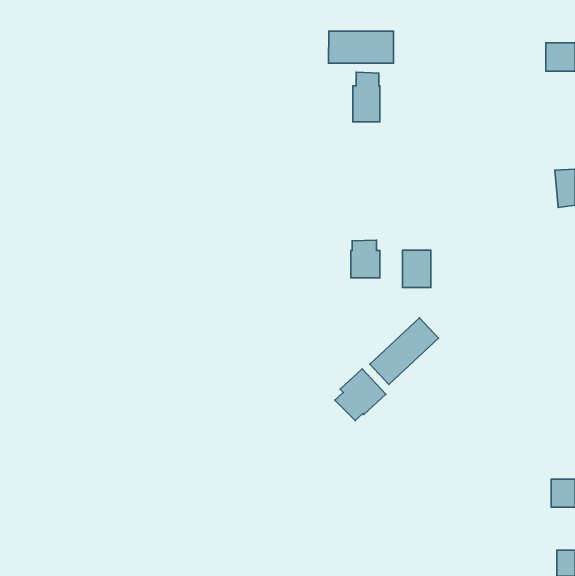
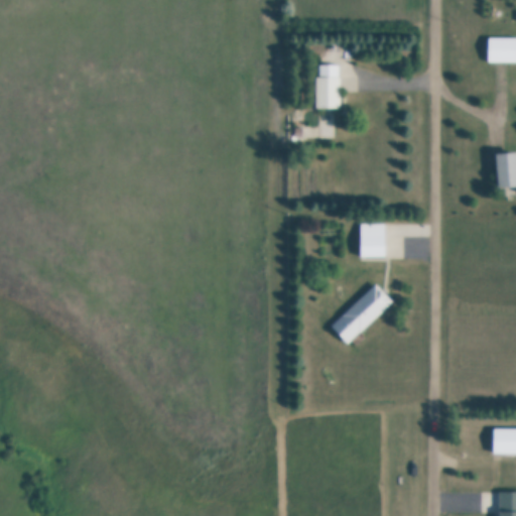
building: [329,31,394,63] -> none
building: [351,240,380,278] -> none
building: [335,369,386,421] -> none

